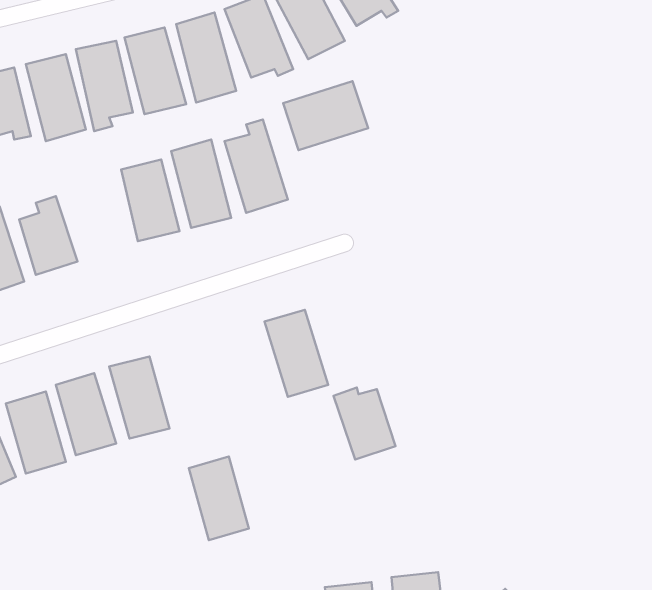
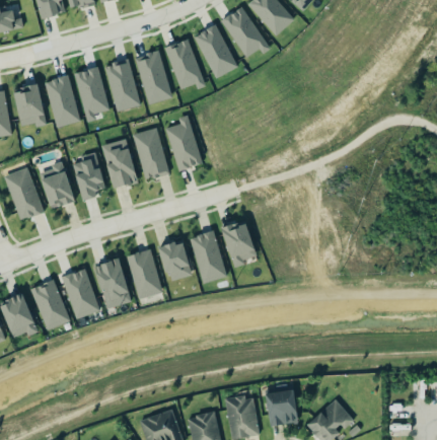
building: [283,81,368,150] -> none
building: none -> [70,152,105,200]
building: none -> [157,239,192,281]
building: [334,388,395,459] -> [220,222,258,266]
building: [189,457,249,540] -> [126,248,162,299]

